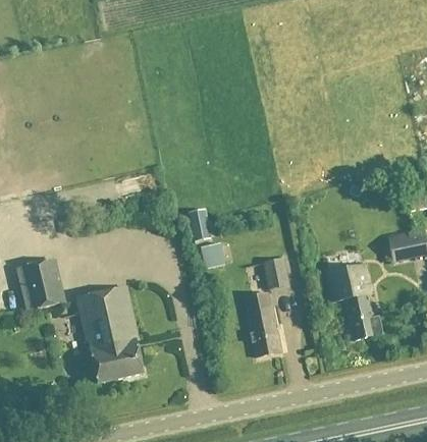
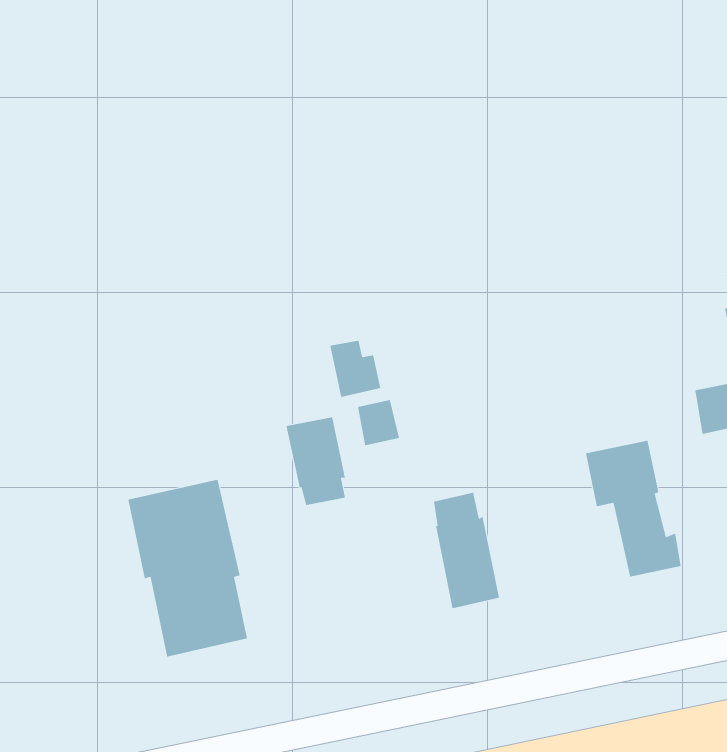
building: none -> [286,417,345,506]
building: [19,259,64,309] -> none
building: [263,259,288,288] -> none

